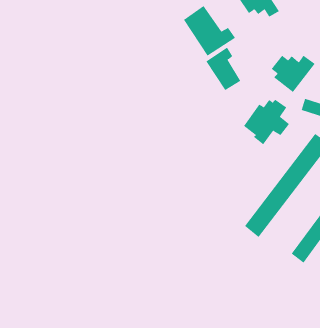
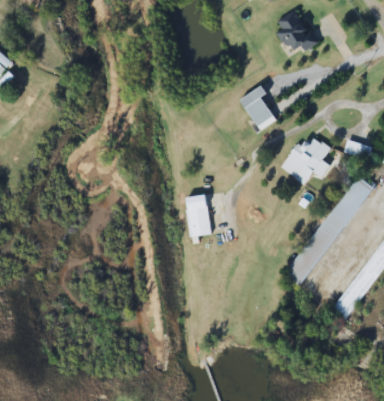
building: [183,5,236,57] -> none
building: [271,55,315,93] -> none
building: none -> [185,193,211,236]

